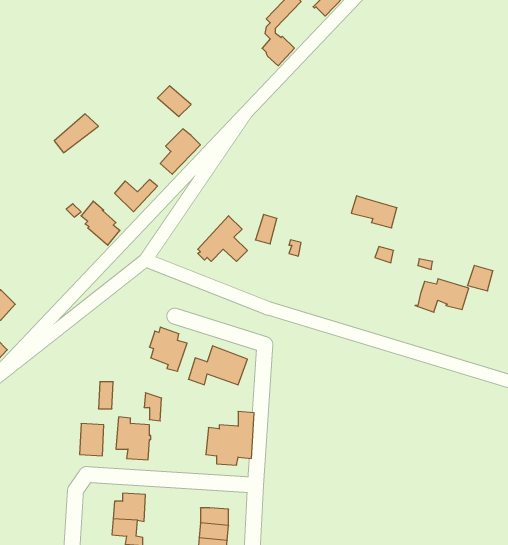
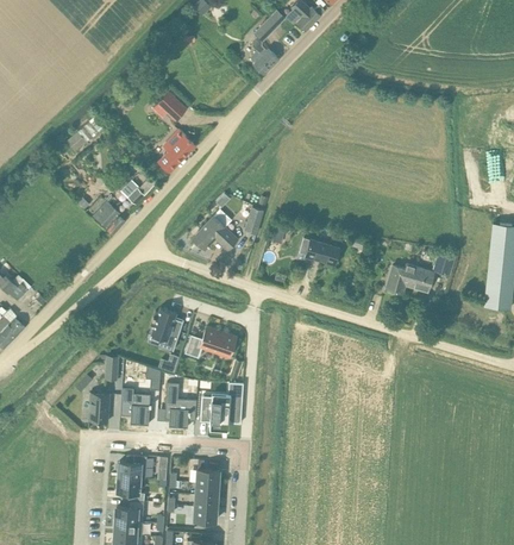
building: [351,196,397,228] -> [299,238,339,267]
building: none -> [164,383,196,428]

